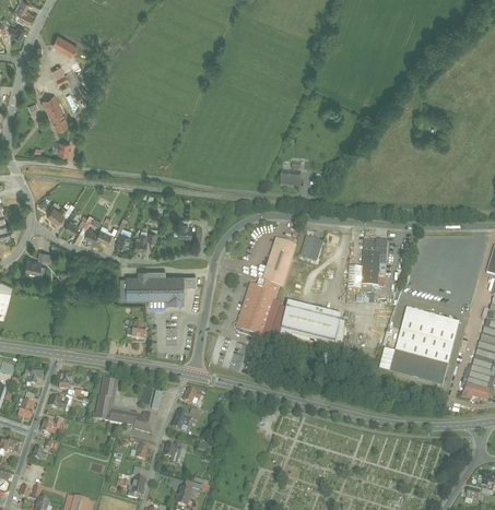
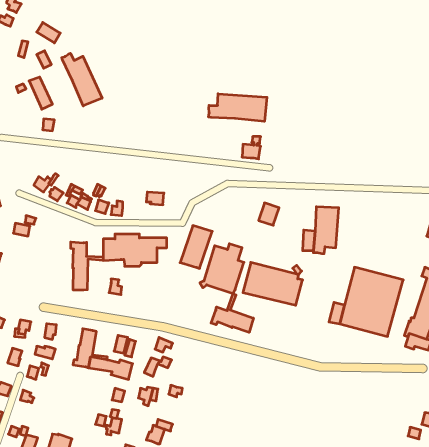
building: none -> [62,53,102,106]
building: none -> [209,94,267,121]
building: [261,239,297,287] -> [180,226,212,268]
building: none -> [71,242,103,290]
building: none -> [211,294,253,332]

